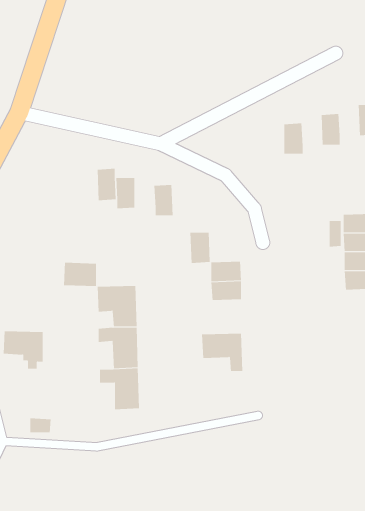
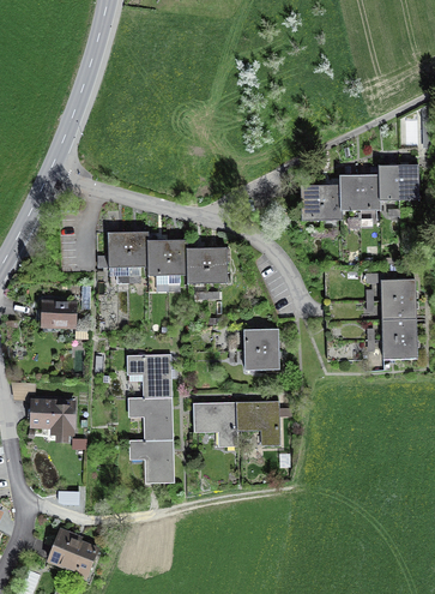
building: none -> [379,167,399,199]
building: none -> [340,178,361,210]
building: none -> [301,187,321,220]
building: none -> [108,234,129,266]
building: none -> [168,242,188,274]
building: [190,232,211,263] -> [206,250,228,282]
building: [63,262,97,287] -> [41,302,75,328]
building: none -> [194,404,237,445]
building: none -> [49,529,98,574]

